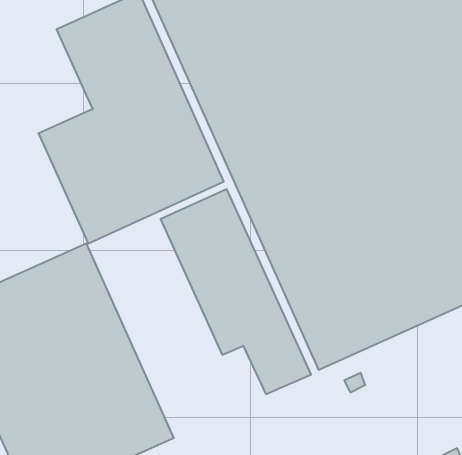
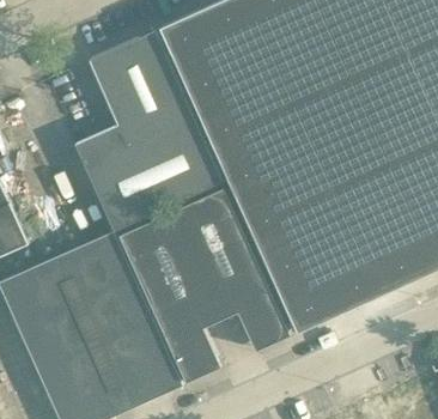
building: none -> [117,212,220,383]

